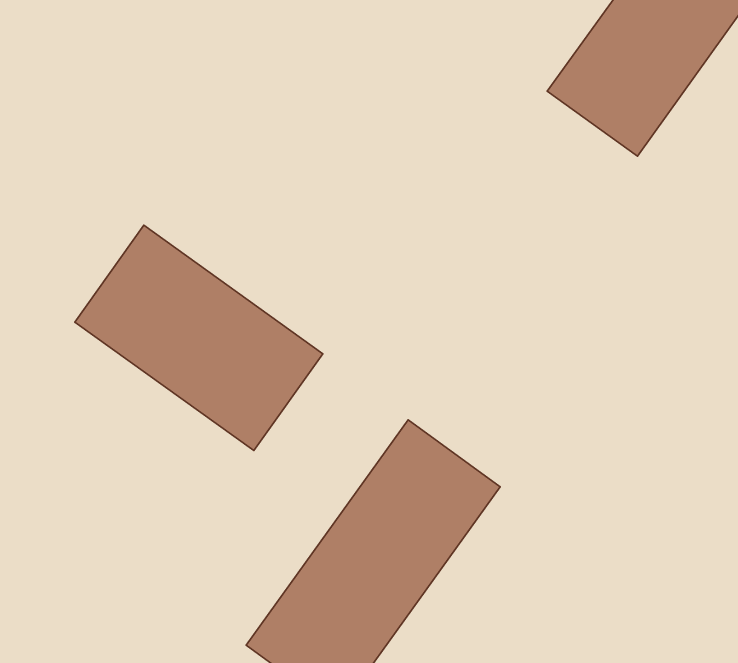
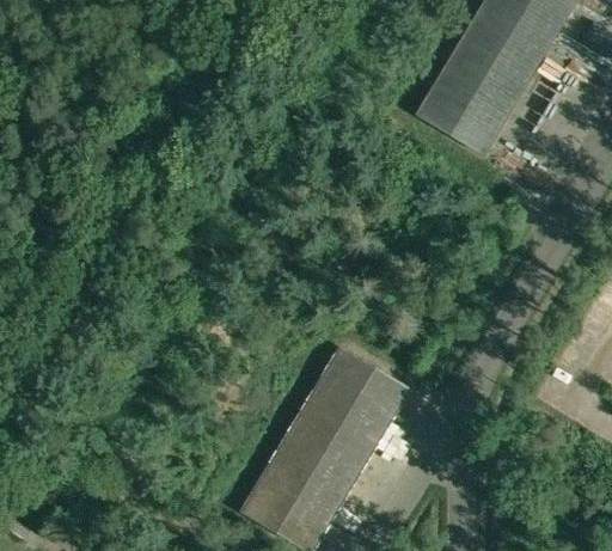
building: [75,225,323,451] -> none

